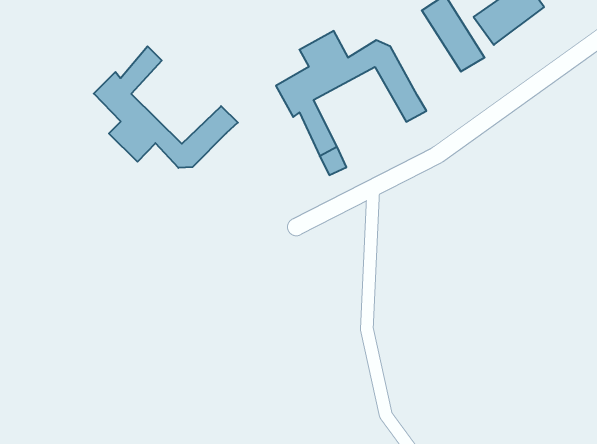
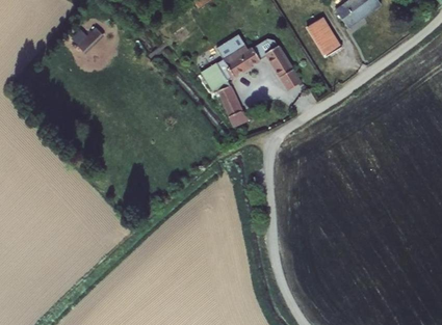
building: none -> [72,23,101,52]
building: [94,46,238,168] -> none

